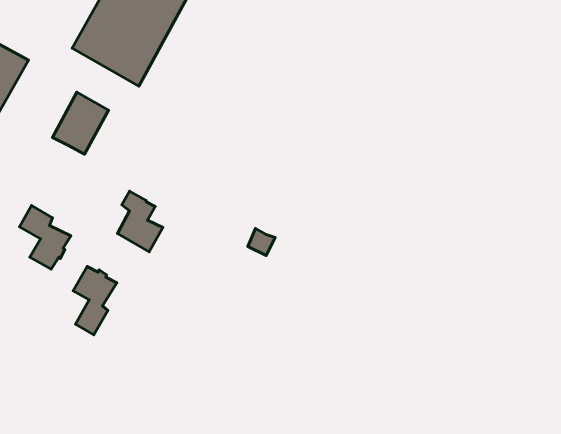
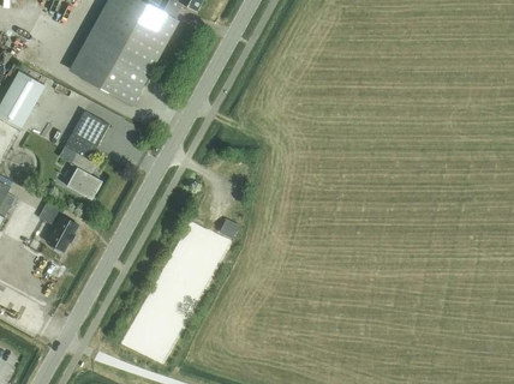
building: [117,191,163,252] -> [64,151,100,199]
building: [73,266,117,335] -> none

